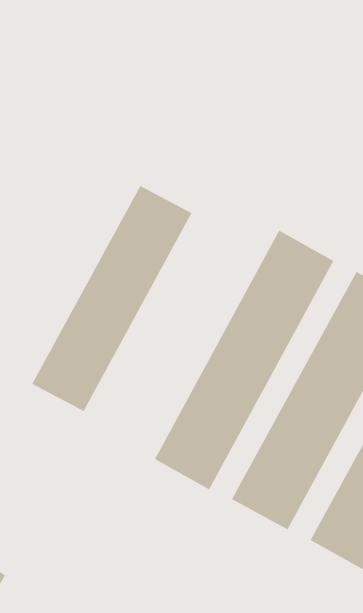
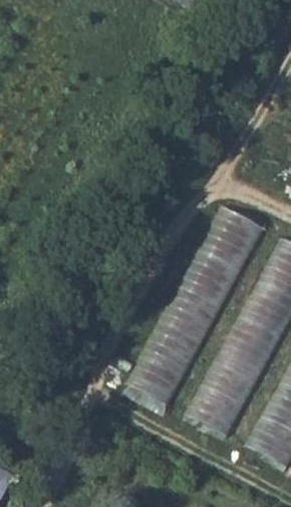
building: [32,185,192,412] -> none

